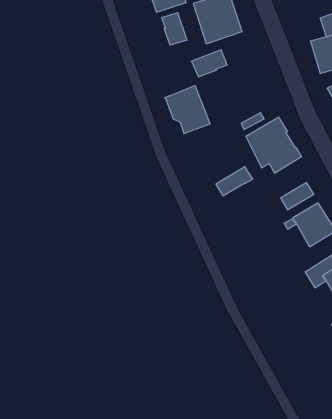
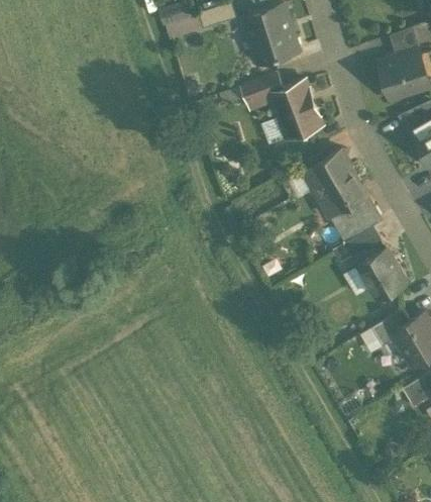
building: [162,13,187,45] -> none
building: [165,85,210,134] -> [271,81,323,136]
building: [216,167,253,196] -> [342,207,385,240]

